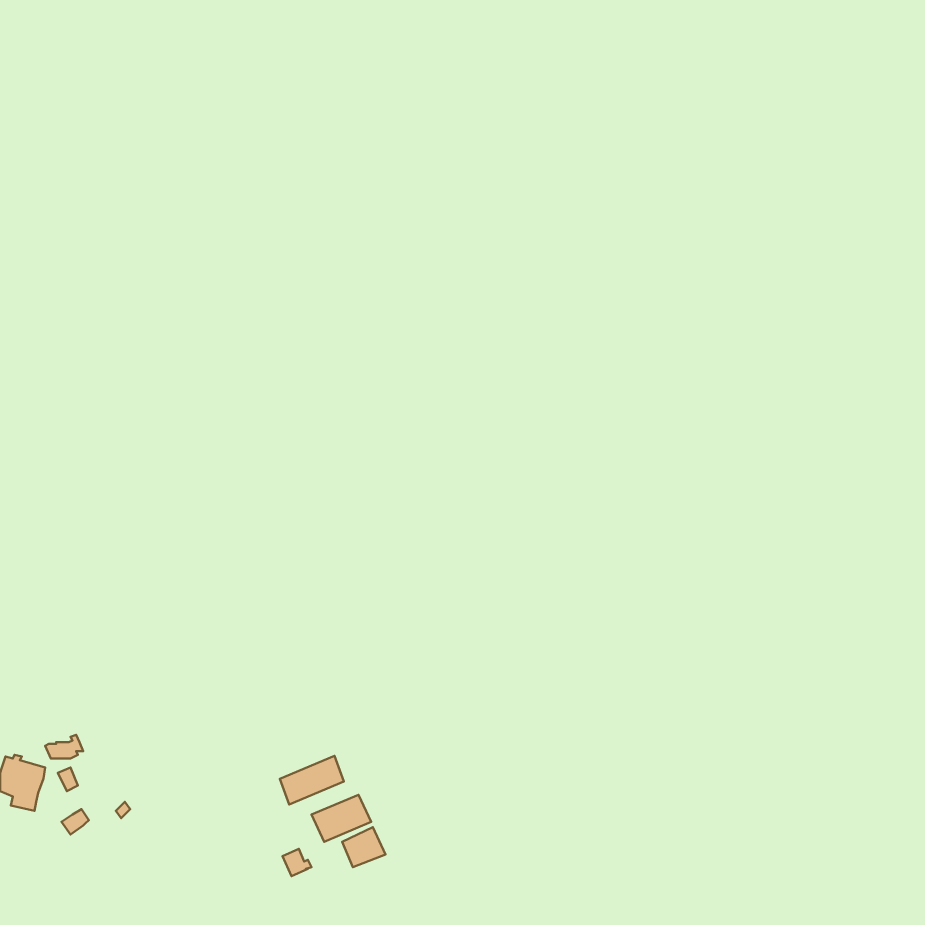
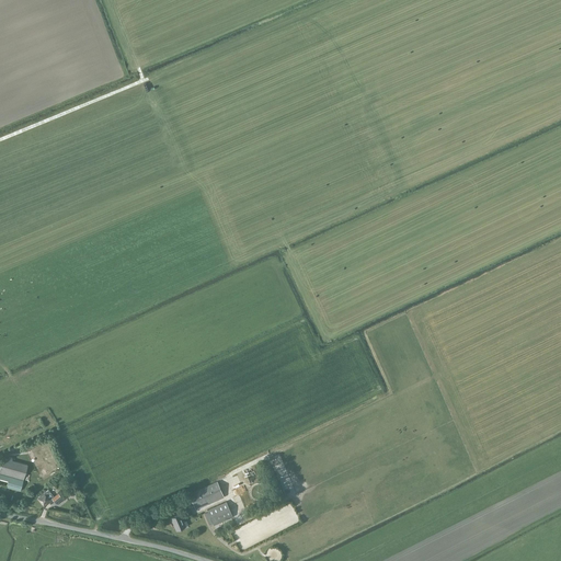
building: [280,756,344,805] -> none

